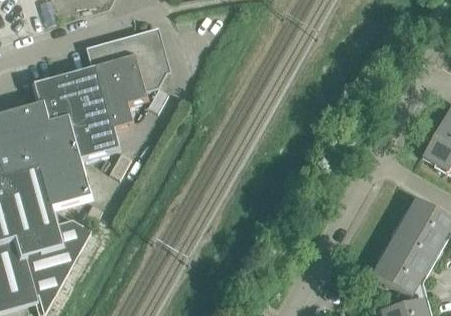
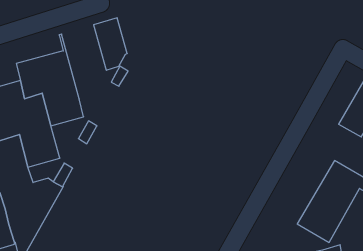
building: [89,38,143,126] -> none

